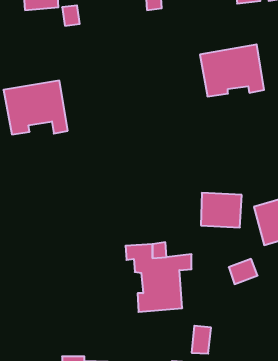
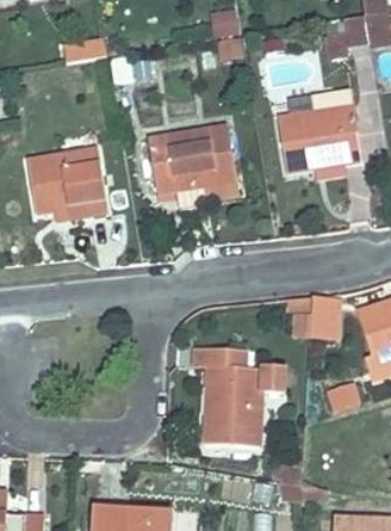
building: none -> [150,123,241,196]

